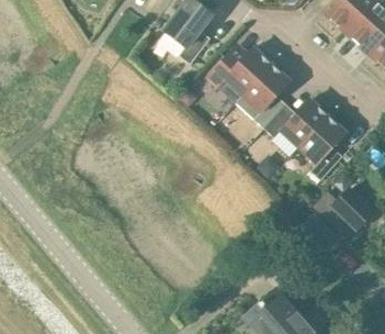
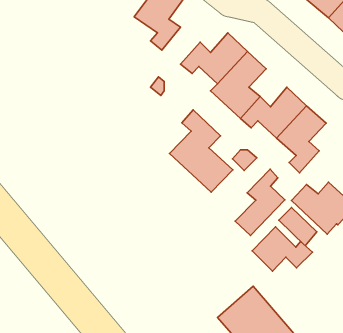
building: none -> [170,110,233,192]
building: none -> [235,169,285,236]
building: none -> [252,227,312,271]

